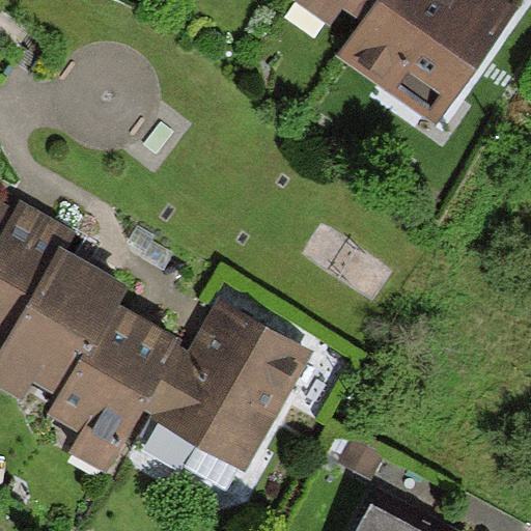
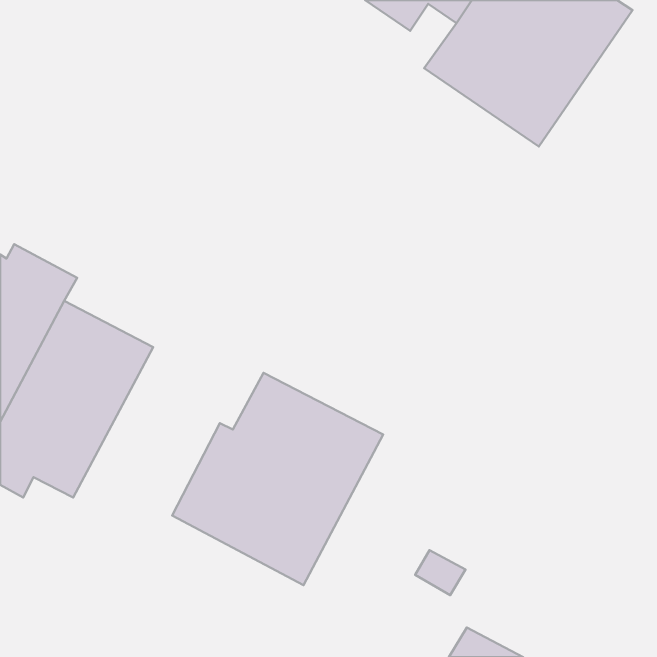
building: [48,306,177,474] -> none

